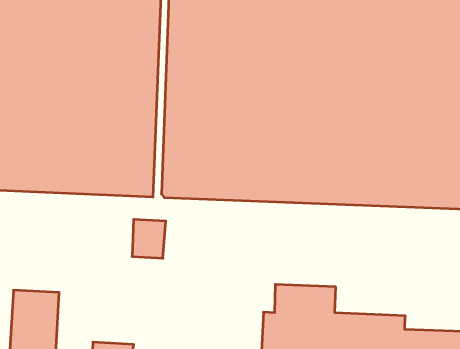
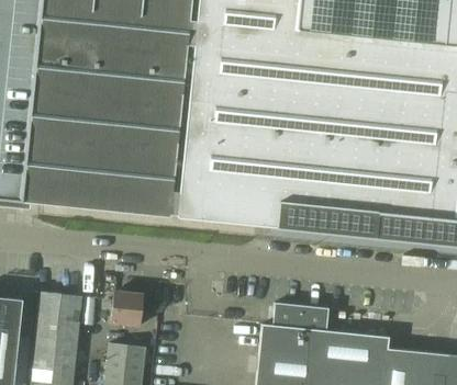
building: [132,219,166,258] -> [112,291,144,327]

